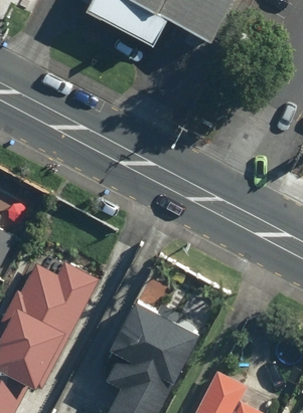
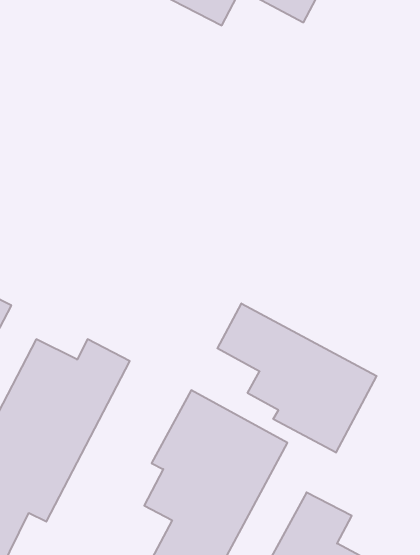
building: none -> [217,303,377,453]

